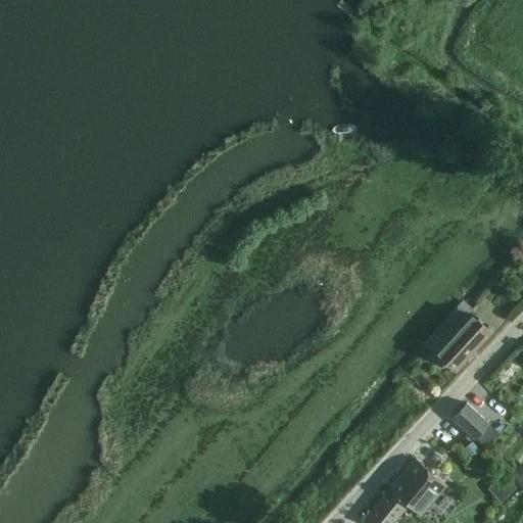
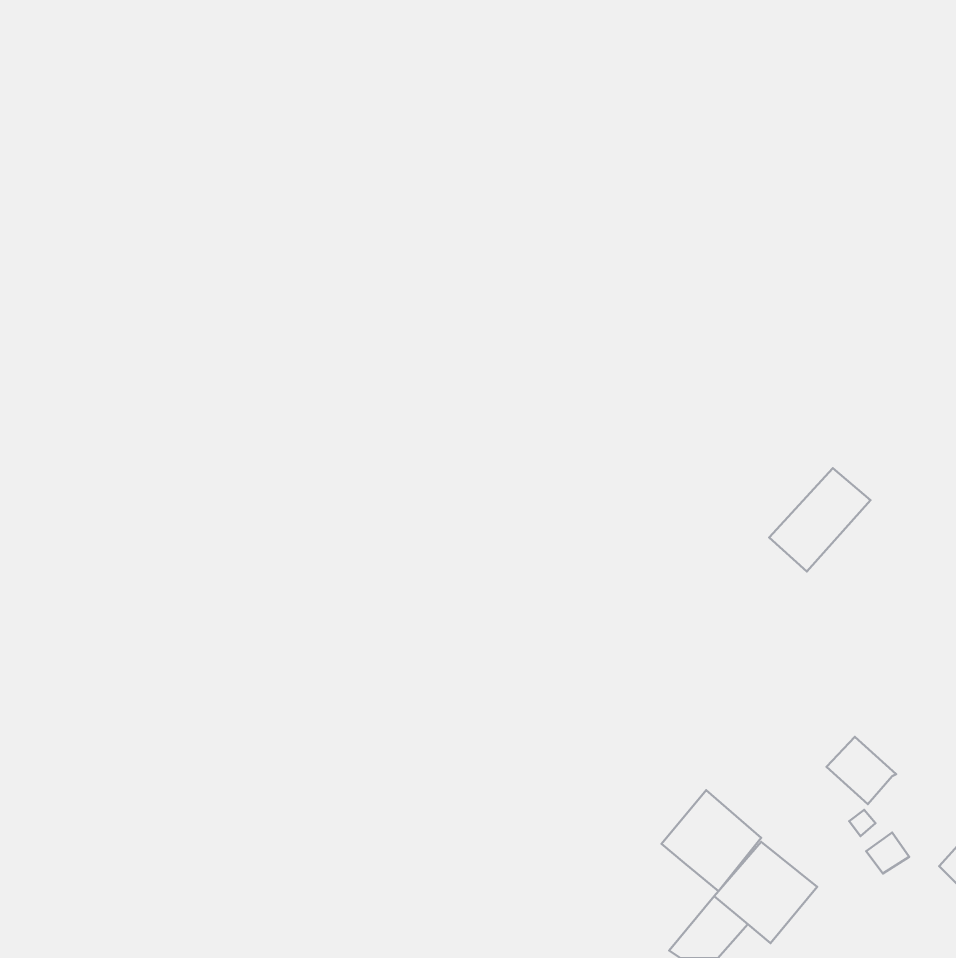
building: [434,315,489,371] -> [769,468,870,571]
building: none -> [661,790,761,891]

